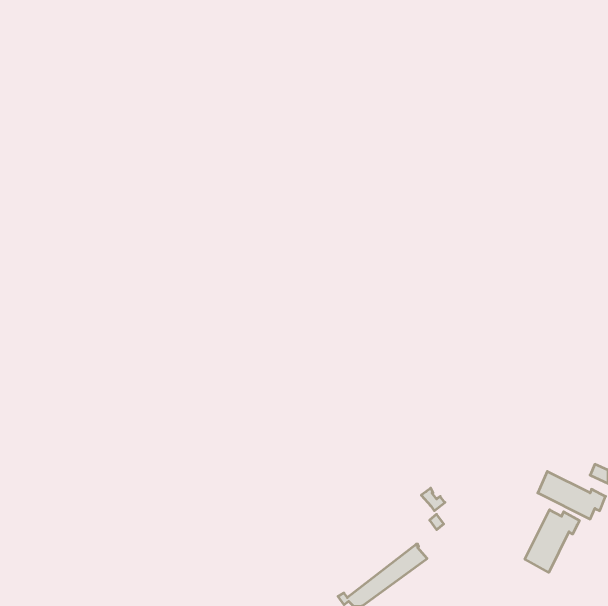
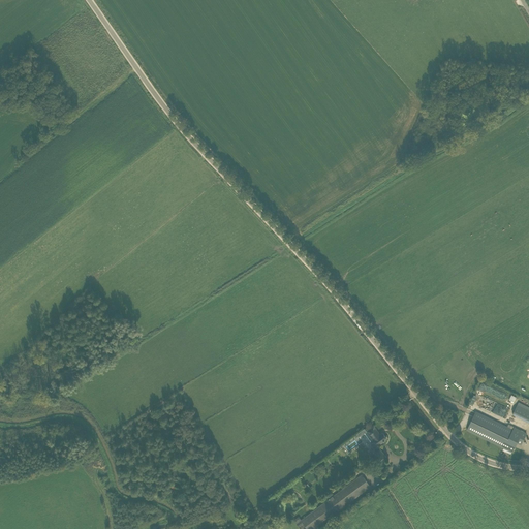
building: [525,510,579,572] -> none

